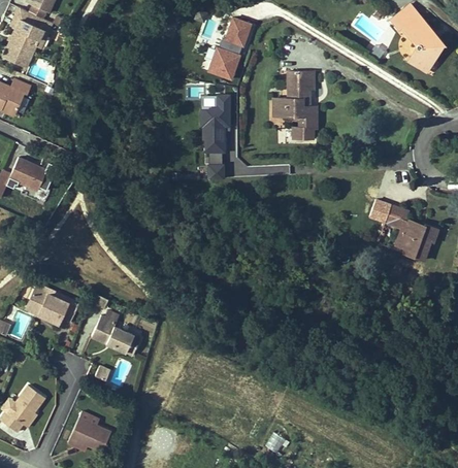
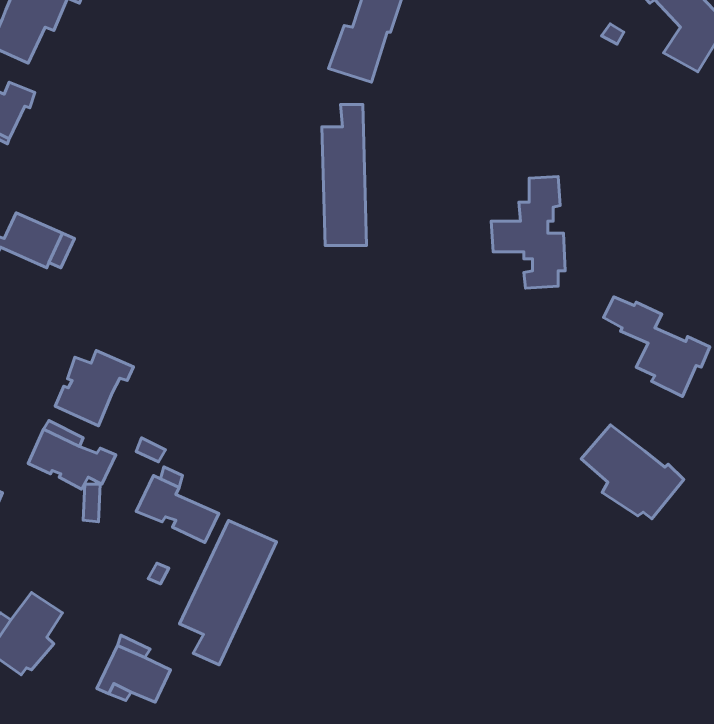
building: [276,72,321,139] -> [491,176,565,288]
building: none -> [55,350,133,426]
building: none -> [581,425,684,519]
building: none -> [180,520,276,665]

